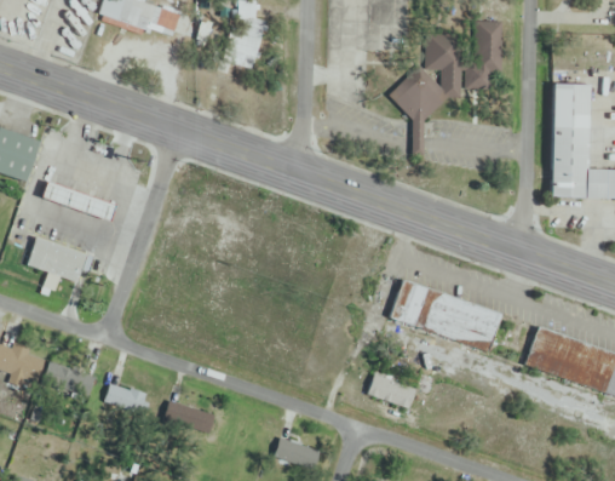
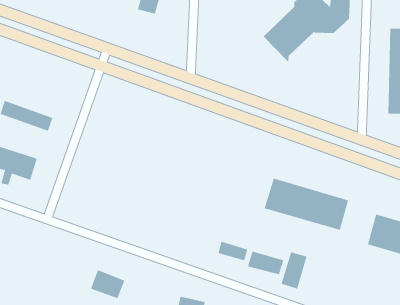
building: none -> [218,241,248,261]
building: [53,365,94,396] -> none
building: none -> [281,251,307,290]
building: [104,379,150,420] -> none

